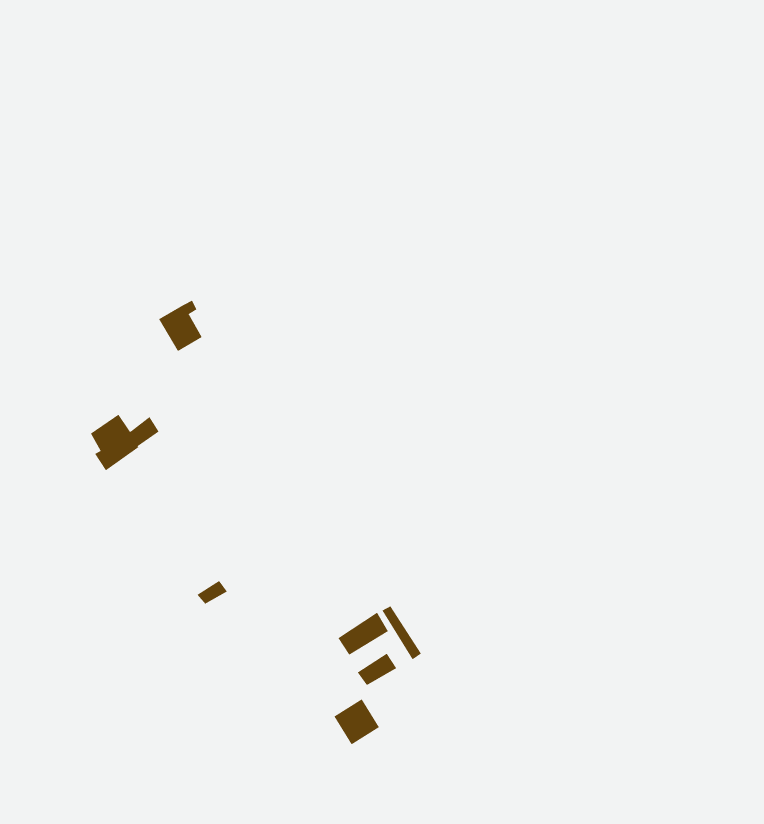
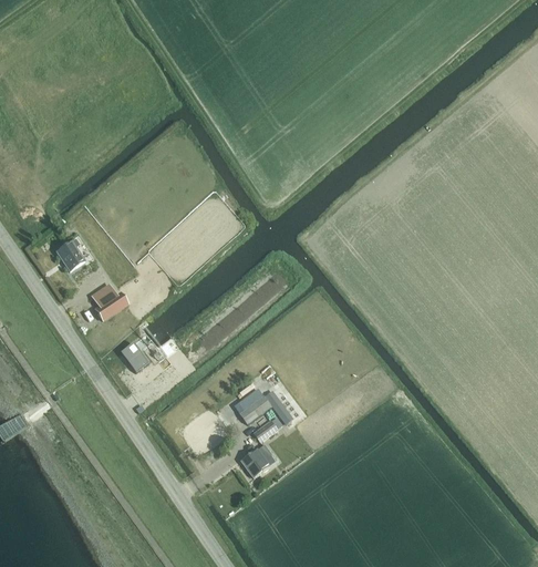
building: [158,300,202,352] -> [58,237,85,269]
building: none -> [122,341,149,373]

